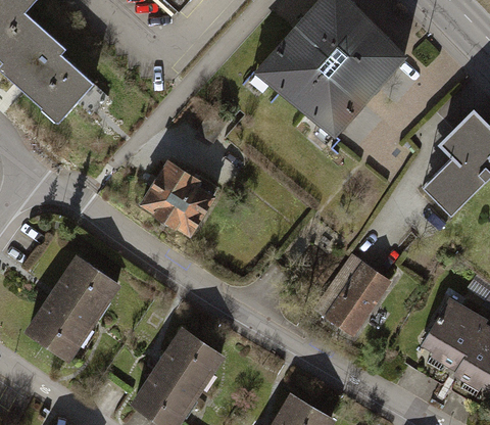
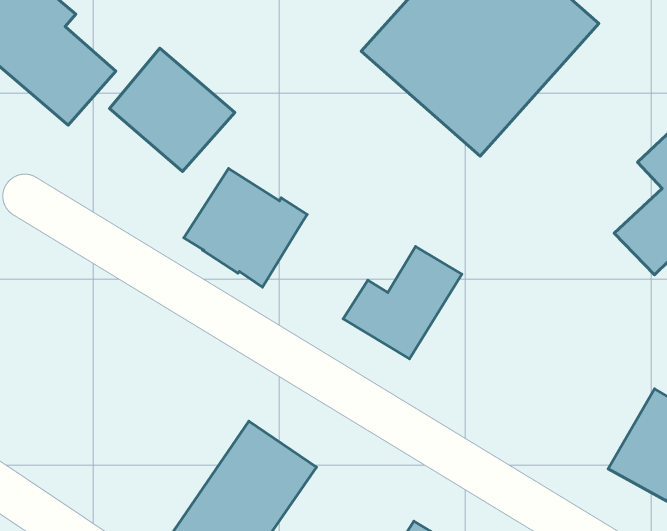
building: none -> [110,48,235,172]
building: [22,249,120,357] -> none
building: [313,264,392,338] -> [343,246,462,359]

